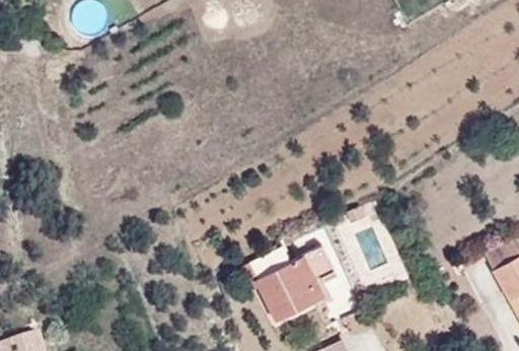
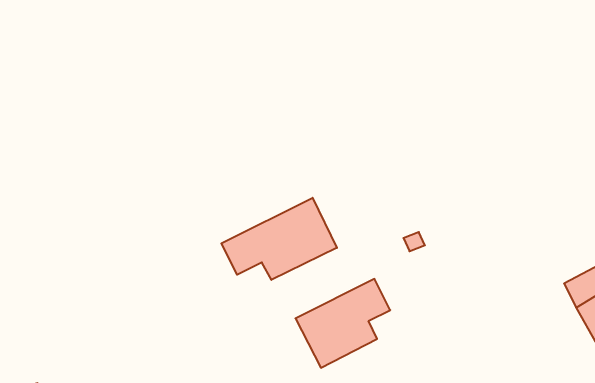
building: none -> [221,198,337,280]

